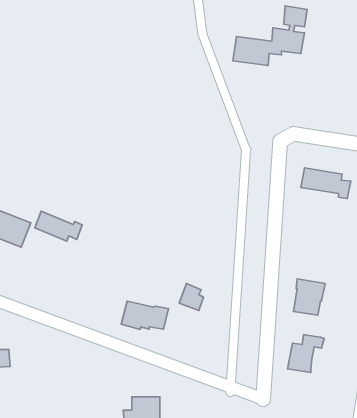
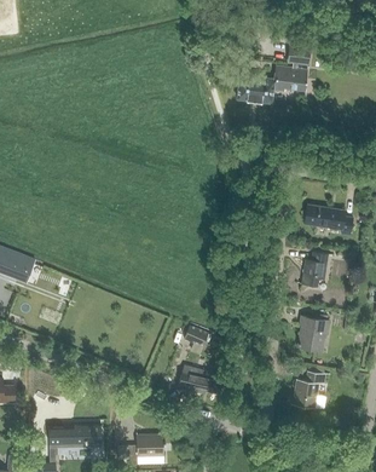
building: [35,211,82,241] -> none
building: none -> [301,252,326,286]
building: [121,301,169,329] -> [177,365,224,393]
building: none -> [48,422,102,447]

